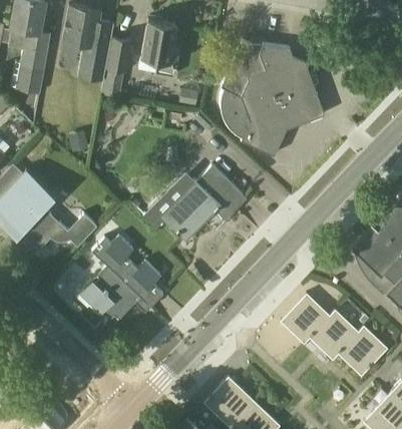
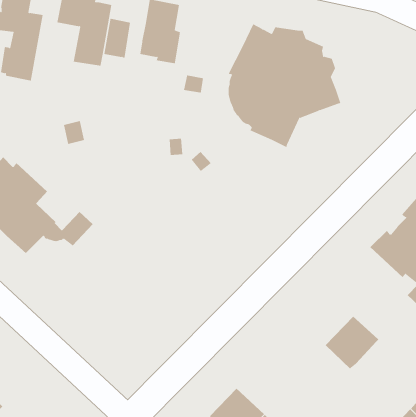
building: [142,165,244,242] -> none
building: [75,236,160,323] -> none
building: [280,294,335,344] -> none
building: [338,327,387,376] -> none

